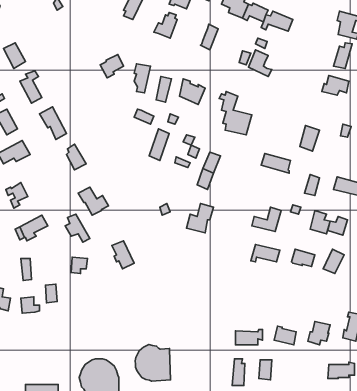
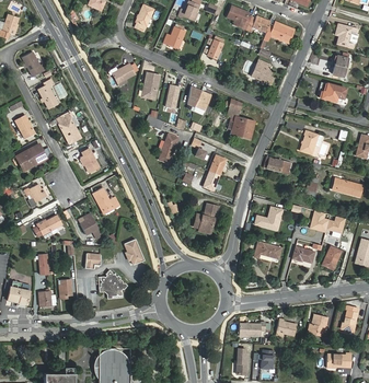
building: none -> [99,270,128,299]
building: [135,345,171,381] -> none

